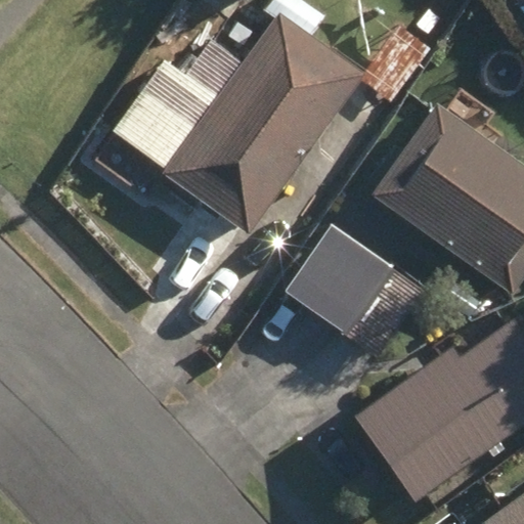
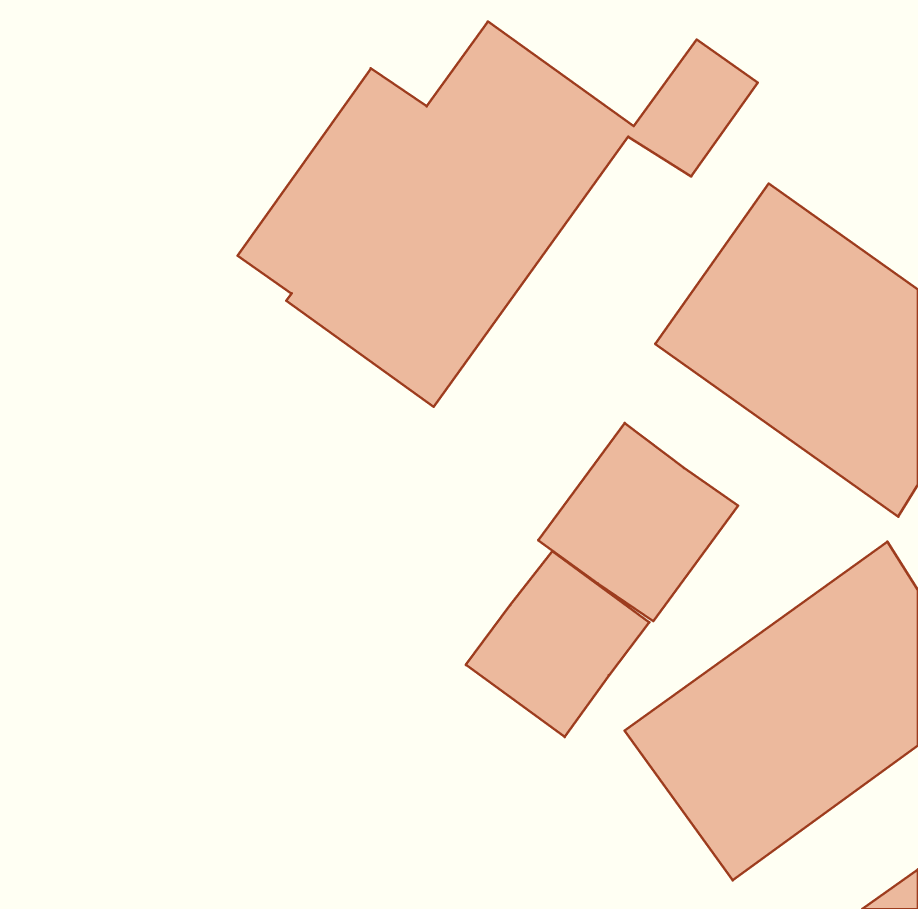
building: none -> [466,551,649,737]

